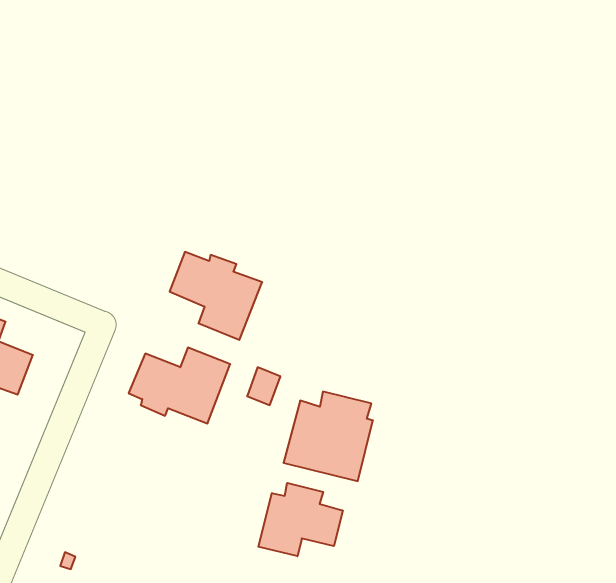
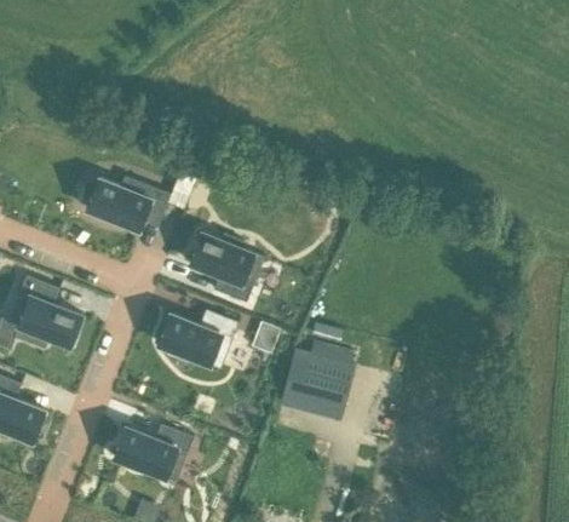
building: none -> [86,173,194,230]
building: [258,483,343,556] -> none
building: none -> [113,423,192,482]

